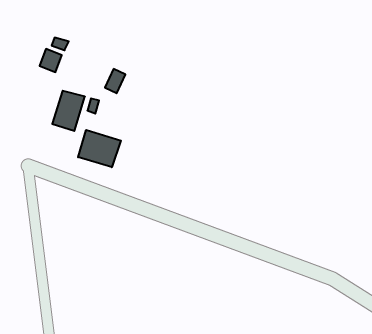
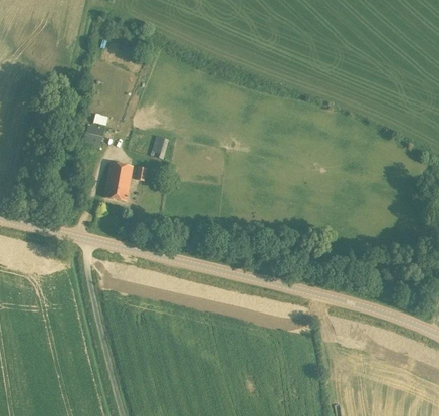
building: [78,130,121,167] -> none

